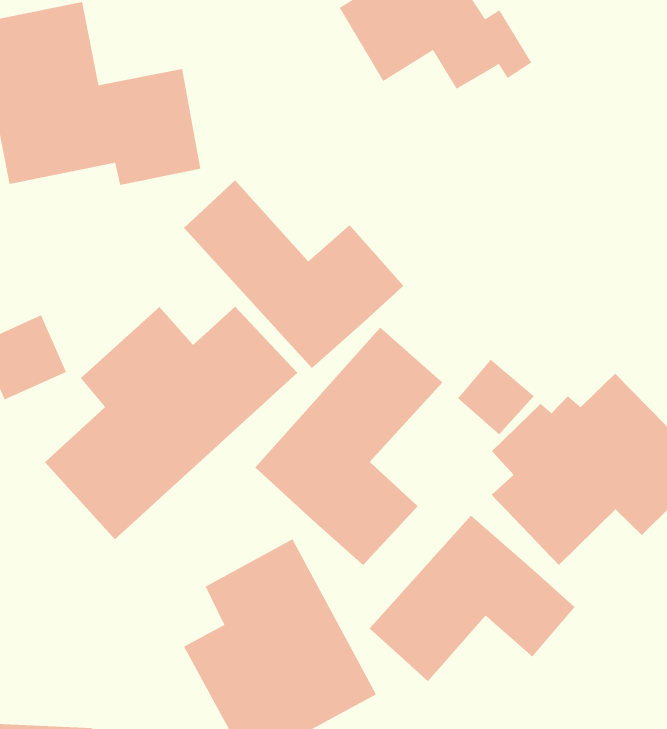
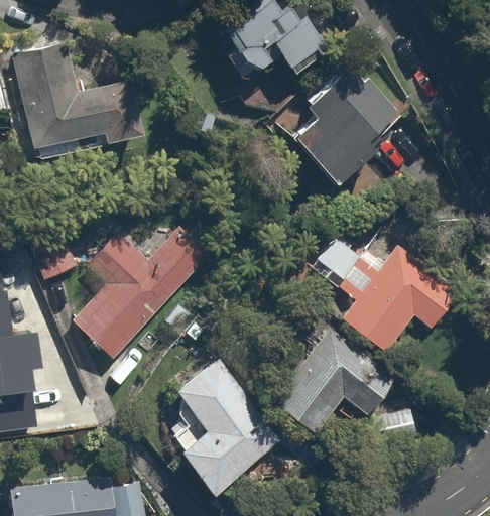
building: none -> [286,59,413,184]
building: [183,179,404,369] -> none
building: [254,327,443,566] -> none

